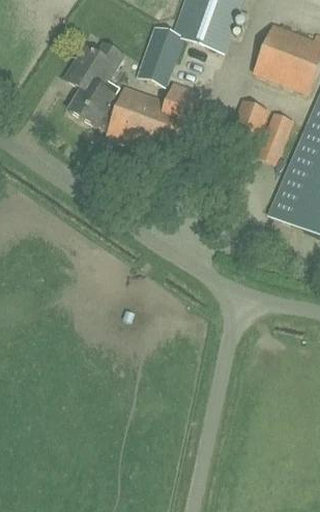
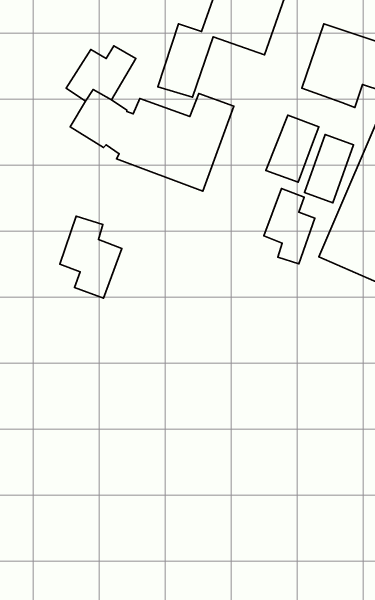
building: none -> [264,189,315,264]
building: none -> [60,216,122,298]

